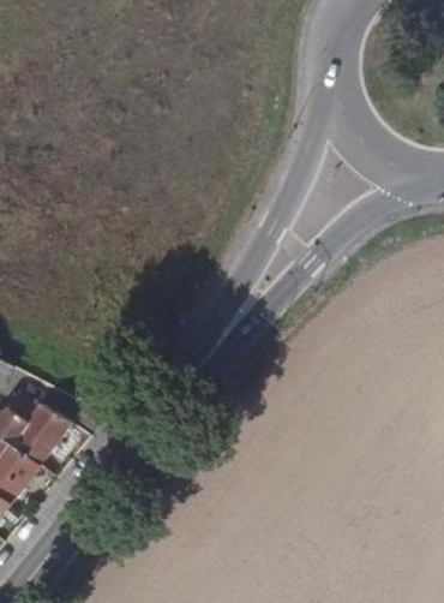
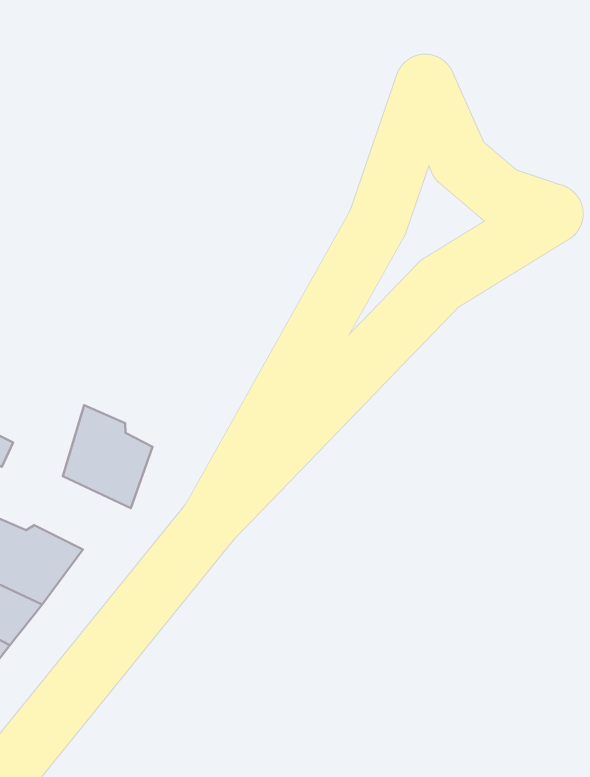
building: none -> [63,405,152,508]

